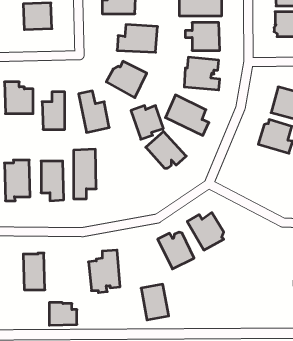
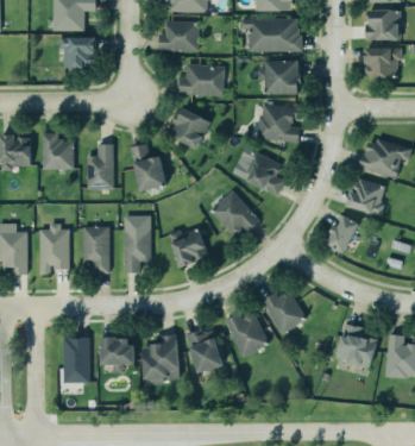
building: [131,106,163,139] -> [168,227,207,268]
building: none -> [327,215,358,253]
building: none -> [335,325,376,368]
building: [141,284,169,320] -> [189,329,222,372]
building: [49,303,77,325] -> [100,338,133,365]

